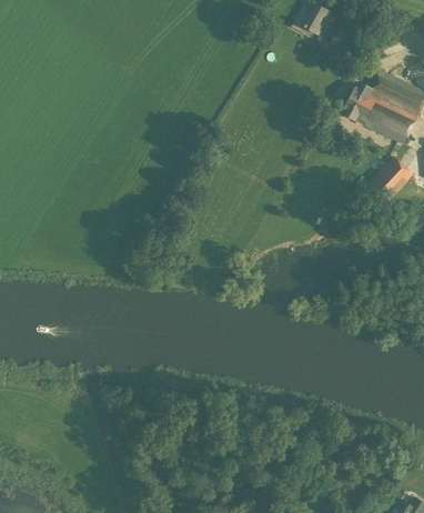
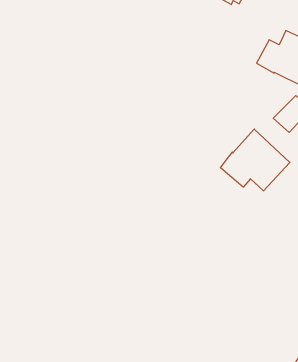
building: none -> [220,129,290,191]

